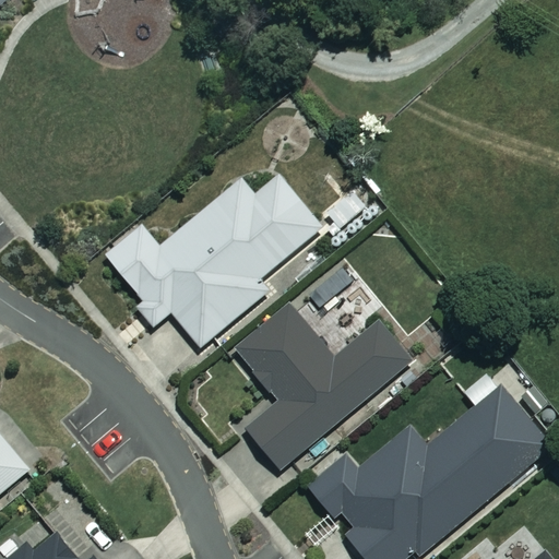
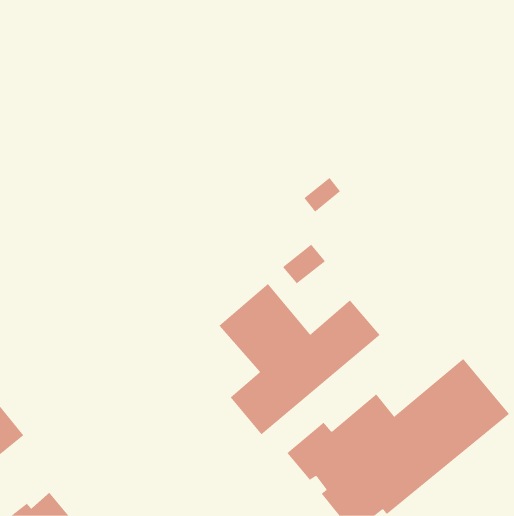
building: [105,175,322,346] -> none

